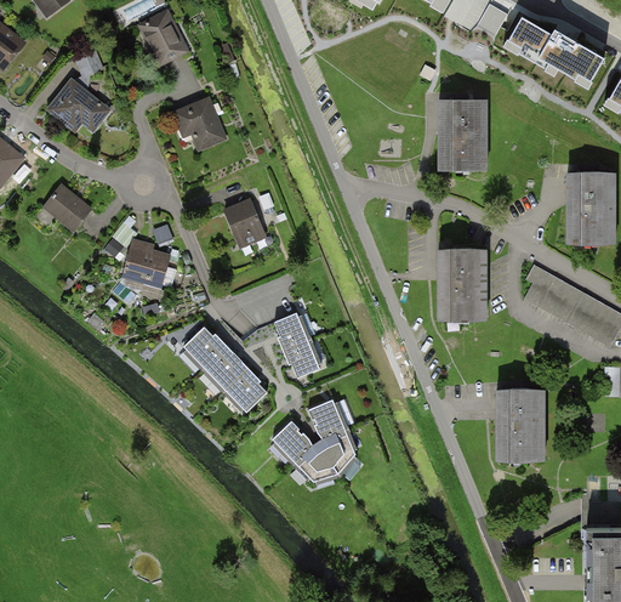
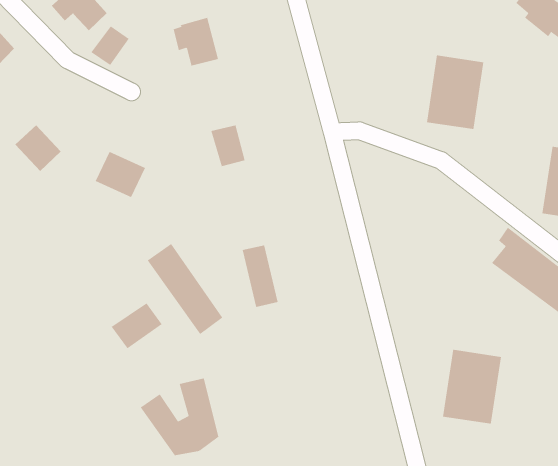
building: none -> [91,25,130,66]
building: [42,187,90,233] -> [15,124,62,172]
building: [437,251,485,319] -> none
building: none -> [111,303,162,349]
building: [273,401,355,482] -> [140,378,219,456]

